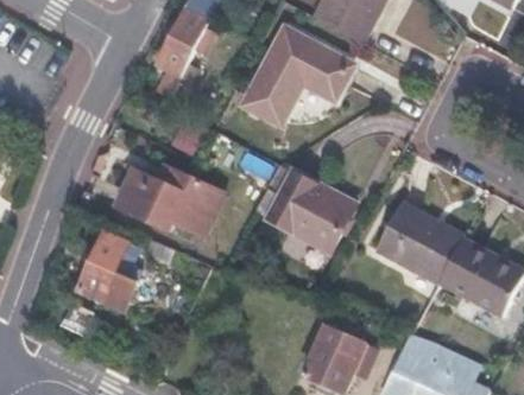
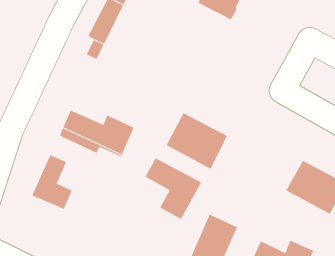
building: [242,26,353,123] -> none
building: [377,202,461,281] -> none
building: none -> [145,157,202,220]

